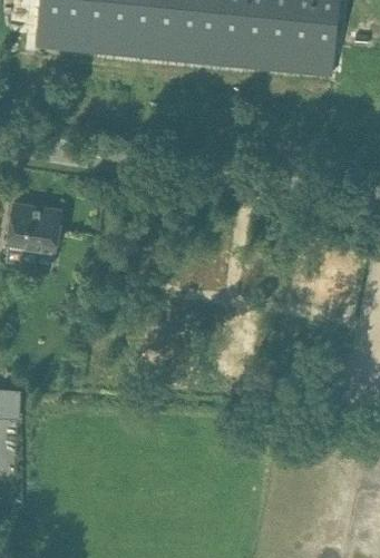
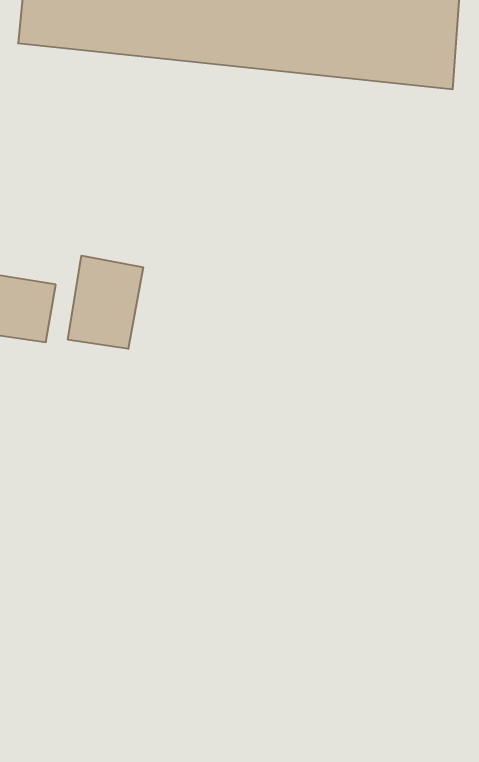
building: none -> [68,256,143,349]

